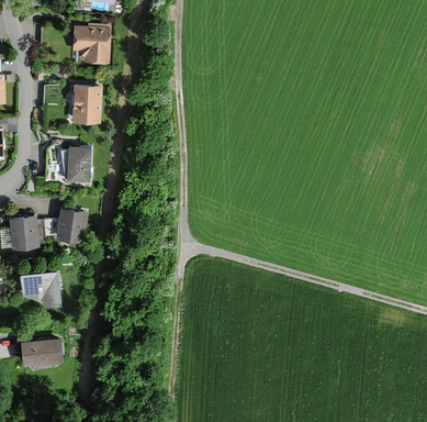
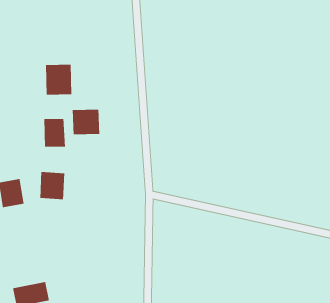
building: [72,26,111,63] -> none
building: none -> [72,109,100,135]
building: [16,270,61,308] -> none

